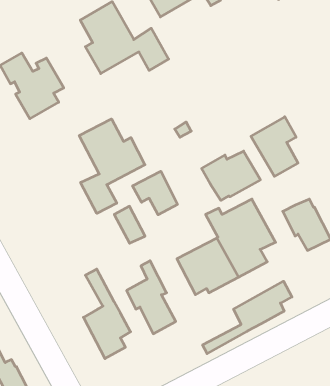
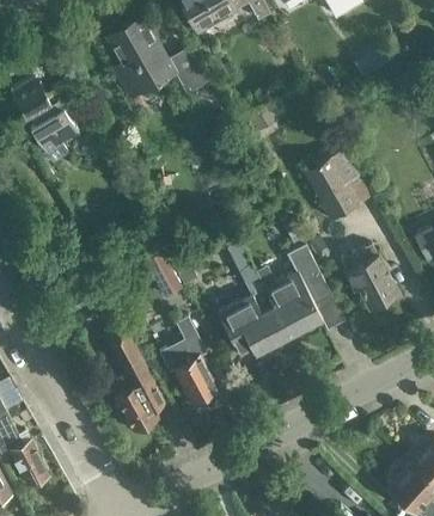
building: [79,119,145,213] -> none
building: [202,151,260,200] -> none
building: [133,171,177,215] -> none
building: [203,281,292,354] -> none

